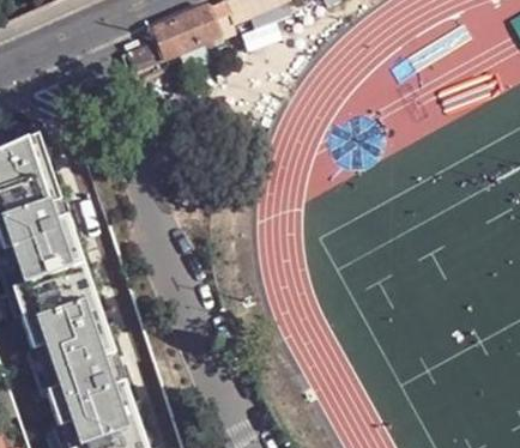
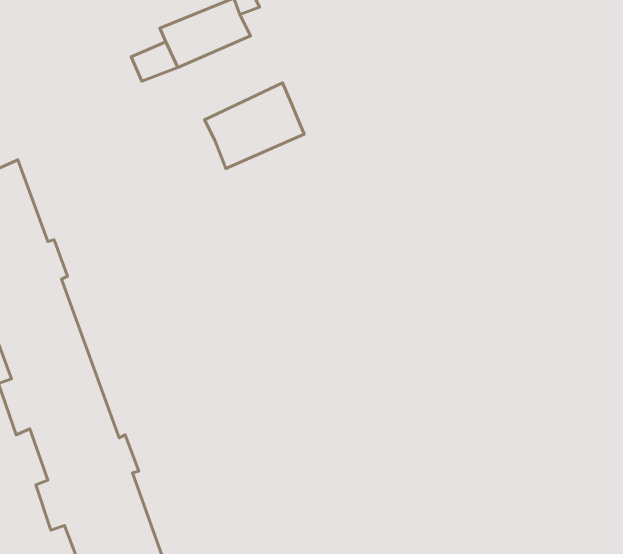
building: none -> [204,83,304,169]

